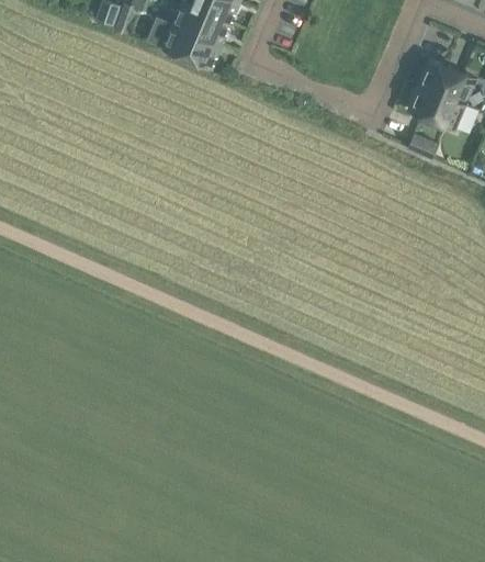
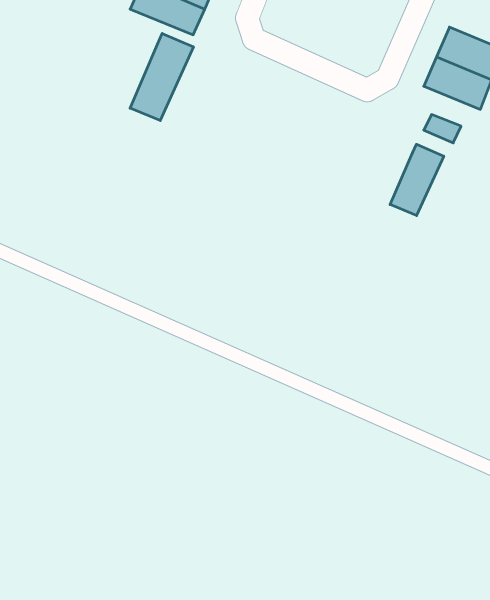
building: none -> [130,33,193,121]
building: none -> [390,144,444,216]

